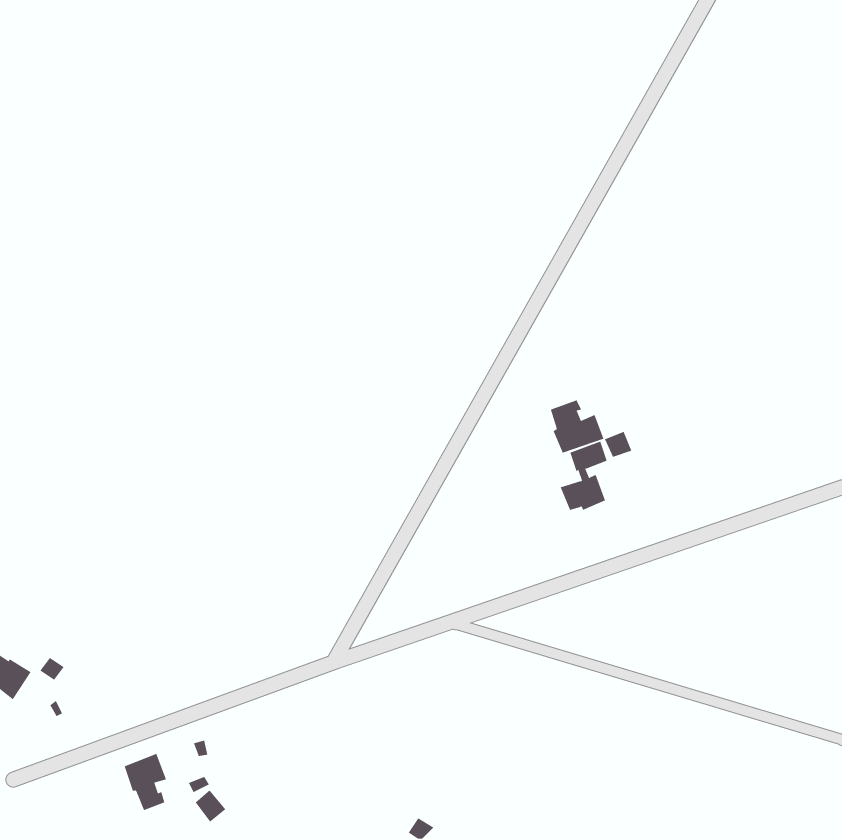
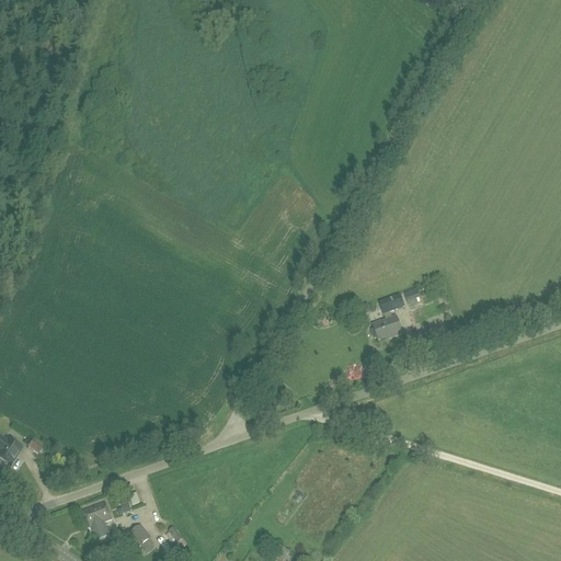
building: [550,400,604,454] -> none

